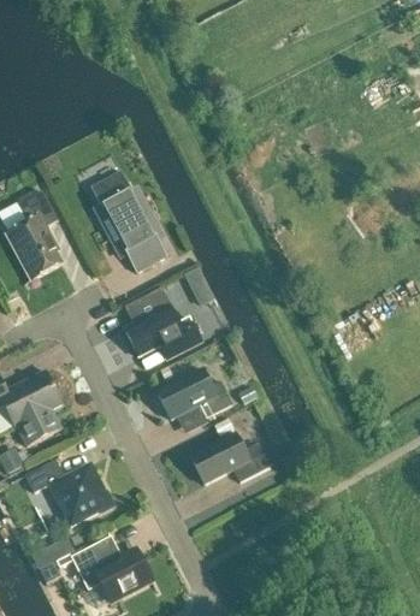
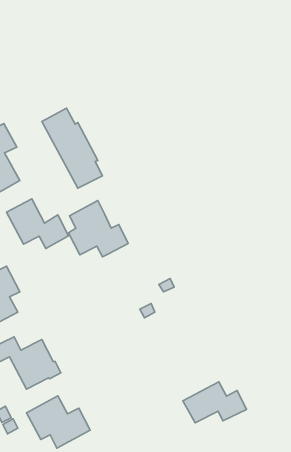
building: none -> [6,199,68,248]
building: [156,367,232,419] -> none
building: [189,432,270,484] -> [183,382,247,423]

